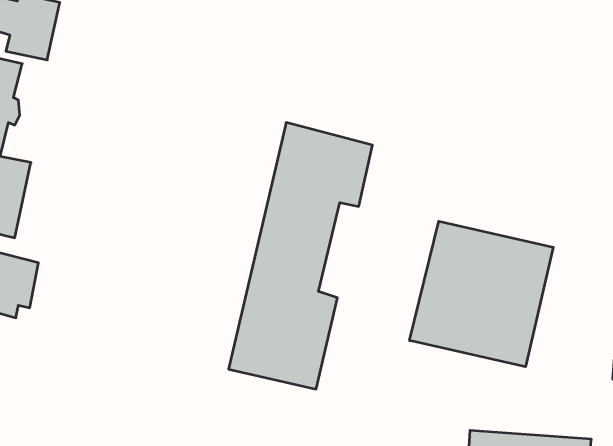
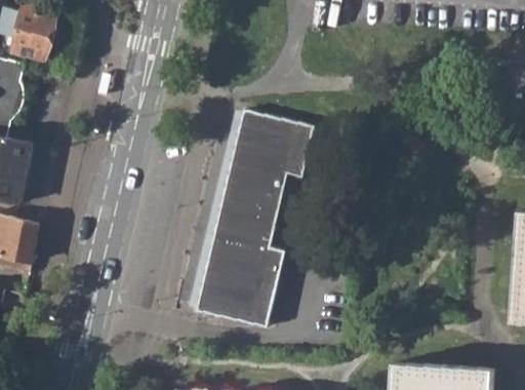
building: [410,221,553,367] -> none

